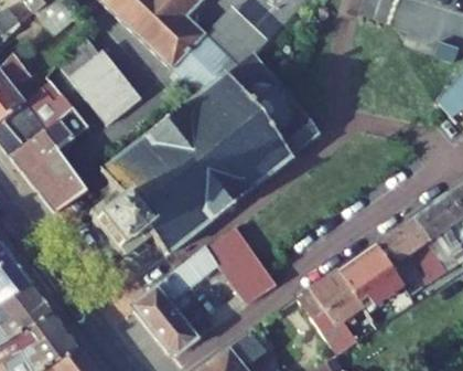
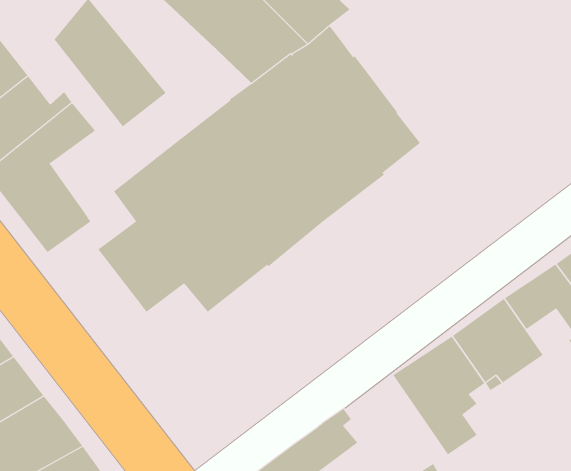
building: [134,226,276,353] -> none

